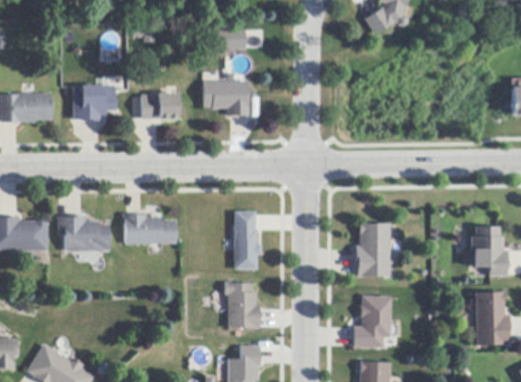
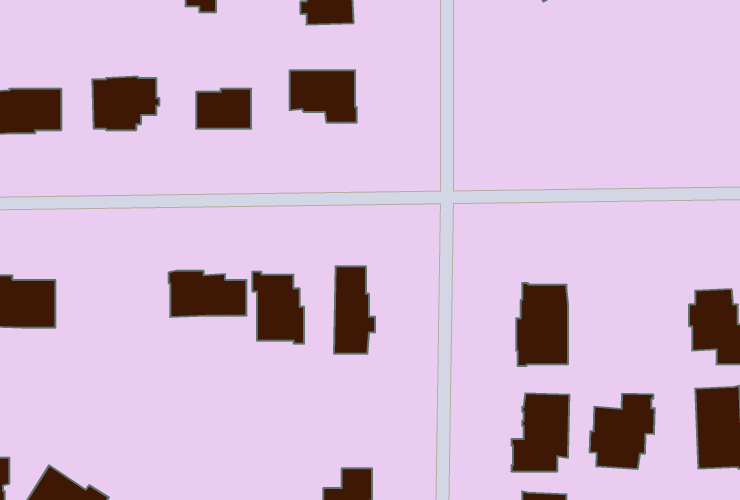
building: [58,215,109,252] -> none
building: [224,281,259,329] -> [252,272,304,344]
building: none -> [590,394,655,469]

